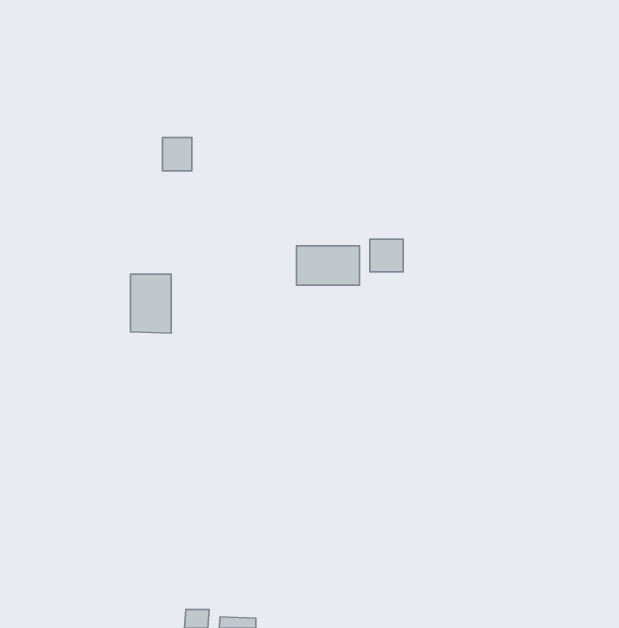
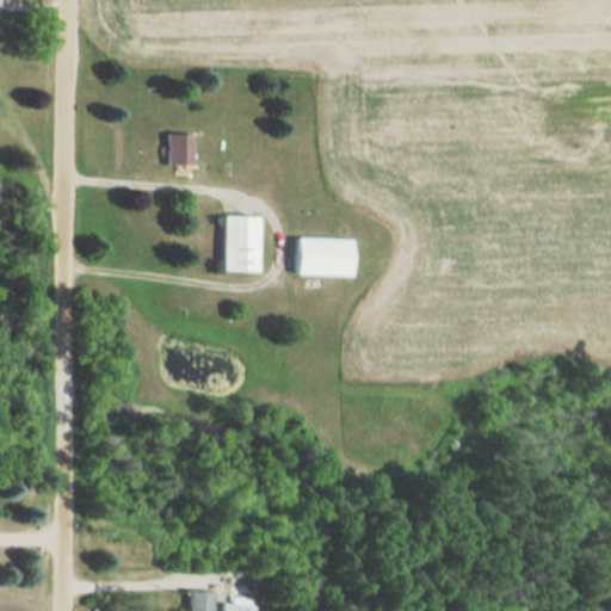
building: [370,239,403,272] -> none
building: [131,274,171,333] -> [224,216,264,273]

